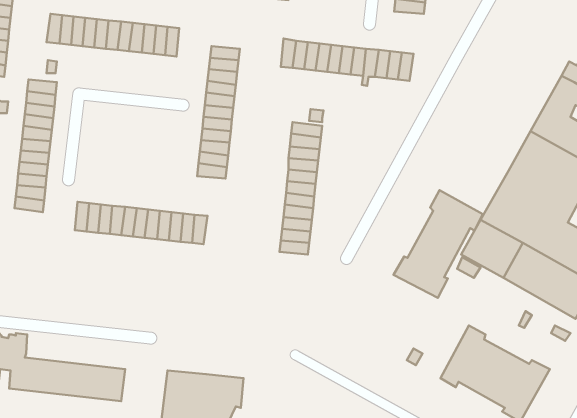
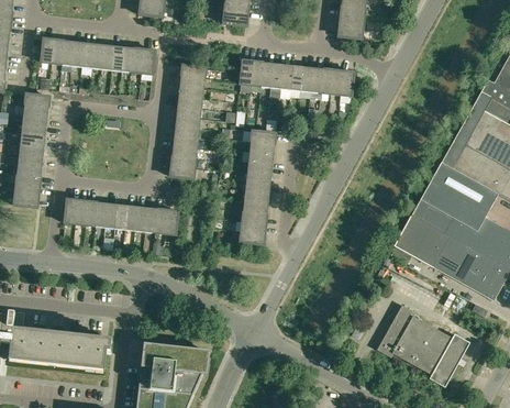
building: [394,190,483,298] -> none

